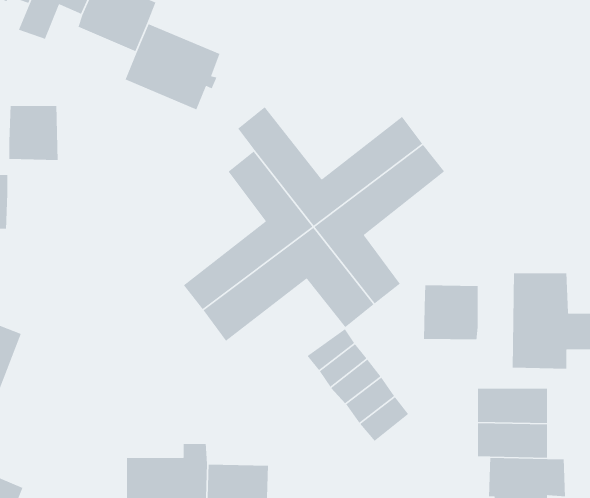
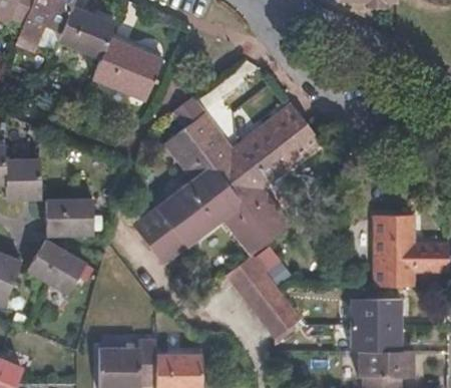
building: [9,105,59,161] -> [8,159,44,200]
building: none -> [51,201,98,235]
building: [423,285,479,340] -> none
building: none -> [31,238,89,292]

